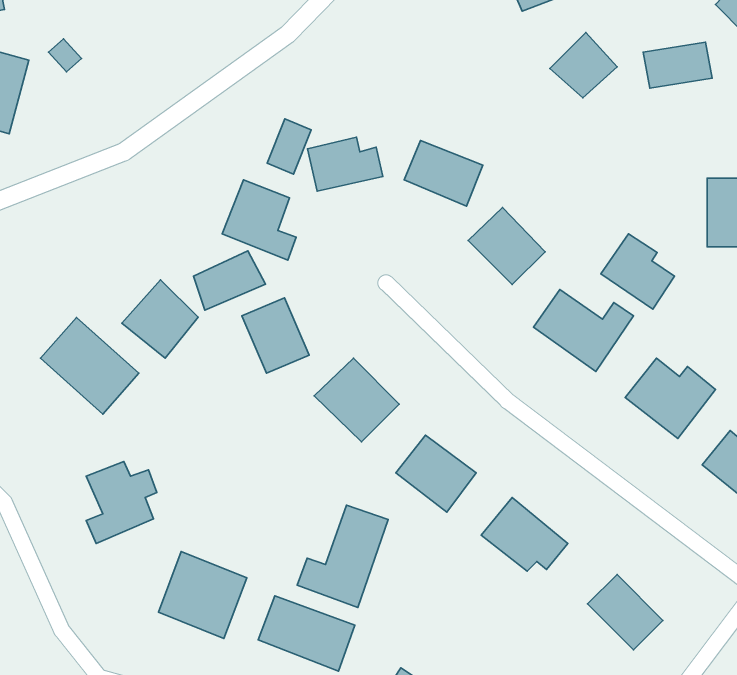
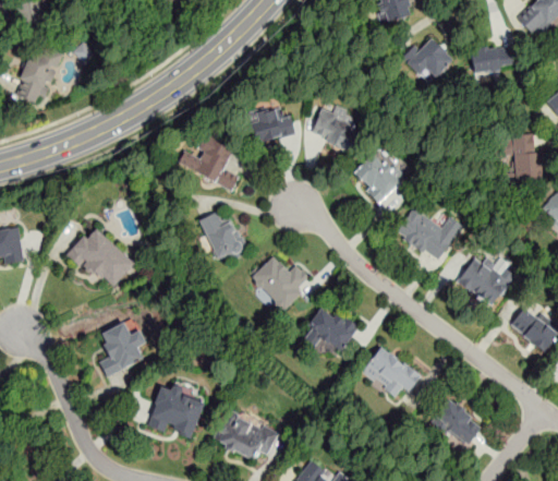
building: [267,119,311,174] -> none
building: [601,234,675,309] -> none
building: [194,251,265,310] -> none
building: [122,280,198,358] -> none
building: [297,505,388,607] -> none

